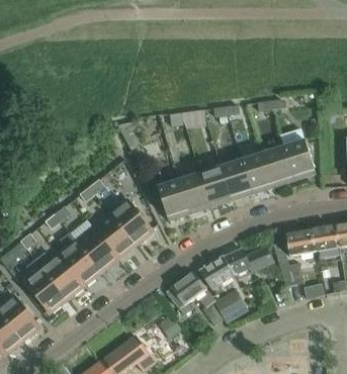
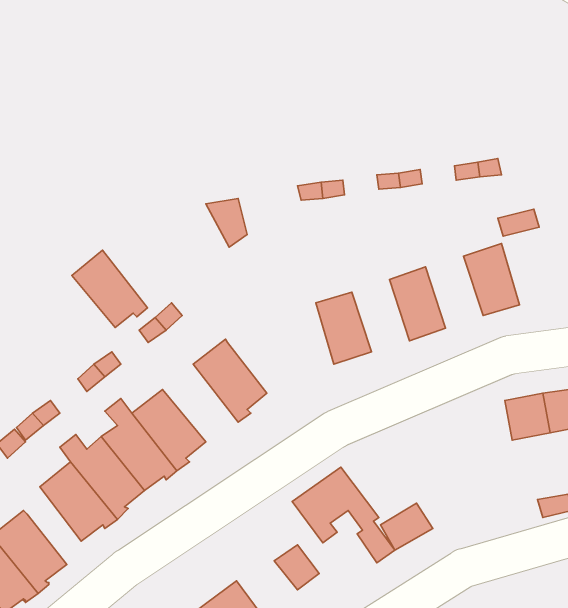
building: [283,139,316,181] -> none
building: [241,154,273,194] -> none
building: [199,167,232,207] -> none
building: [145,177,189,221] -> none
building: [93,214,136,258] -> [72,250,148,328]
building: [272,241,303,287] -> none
building: [199,248,273,290] -> none

